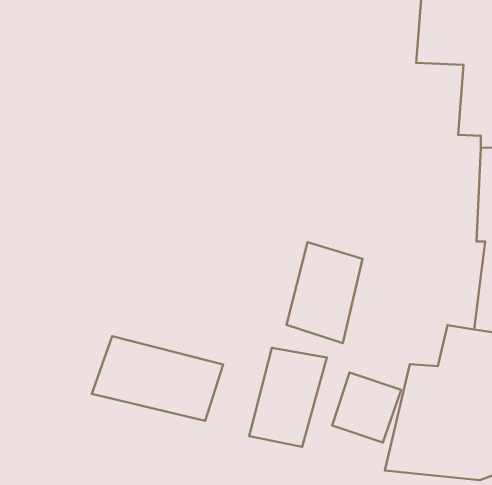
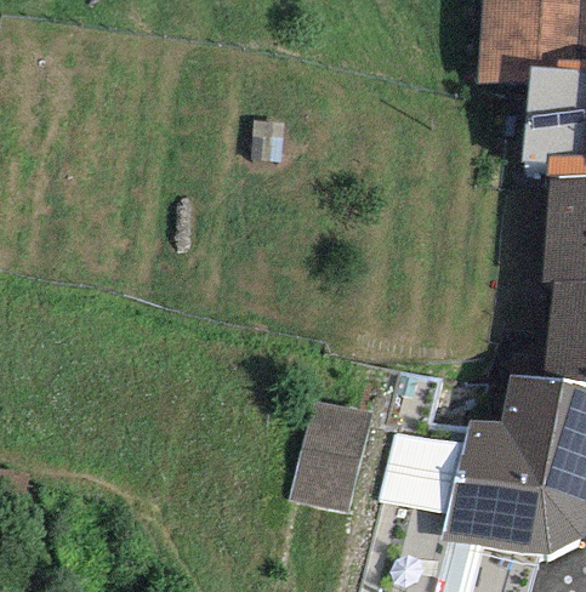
building: [286,242,363,343] -> none
building: [92,336,223,421] -> none

